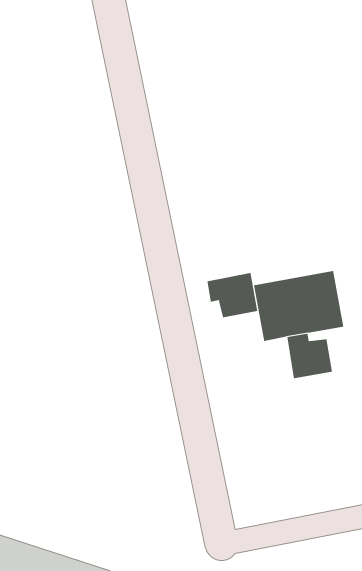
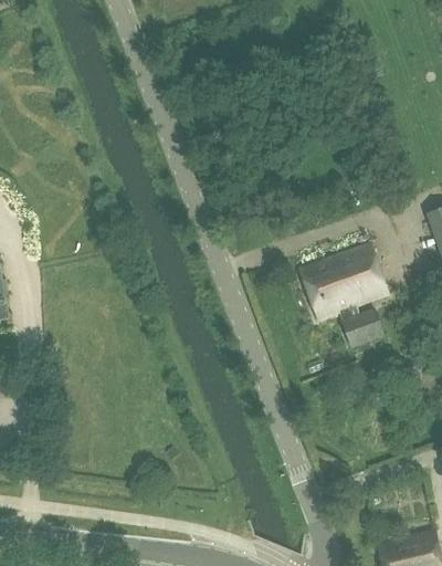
building: [207,272,258,318] -> none

